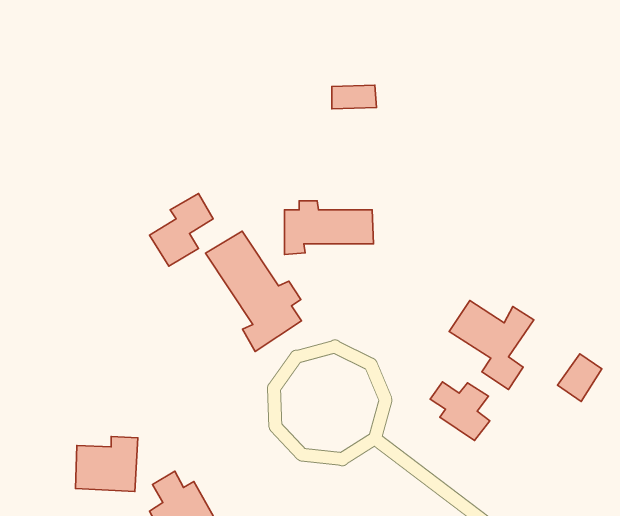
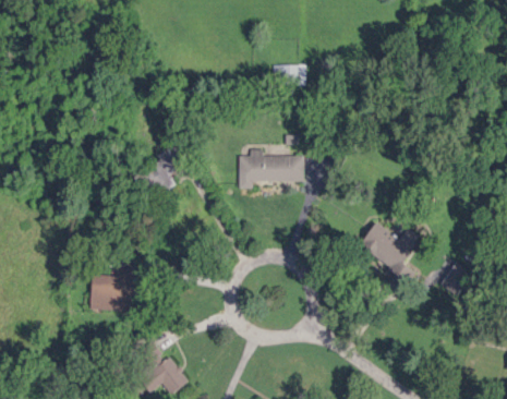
building: [206,231,302,352] -> none
building: [430,382,490,440] -> none
building: [75,436,138,491] -> [89,269,135,310]

